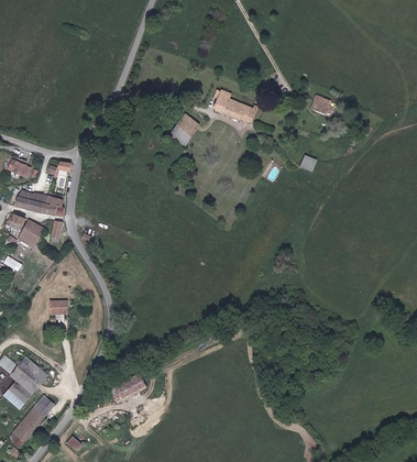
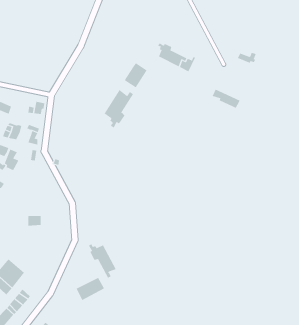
building: none -> [104,89,134,128]
building: none -> [88,243,116,278]

